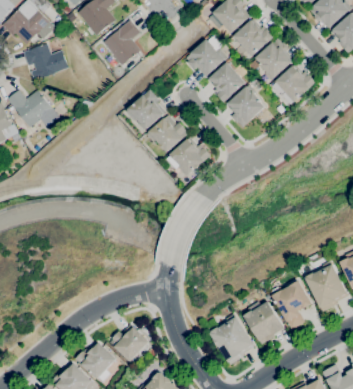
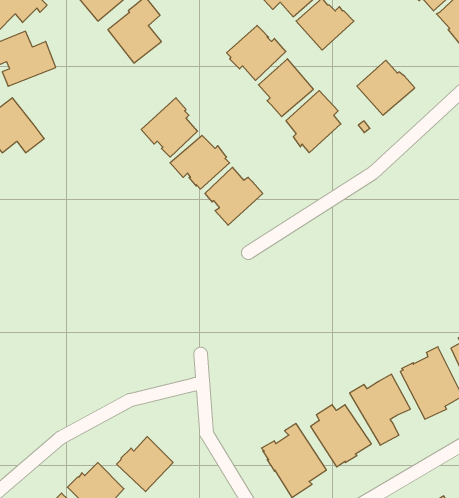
building: [255,38,292,80] -> none

